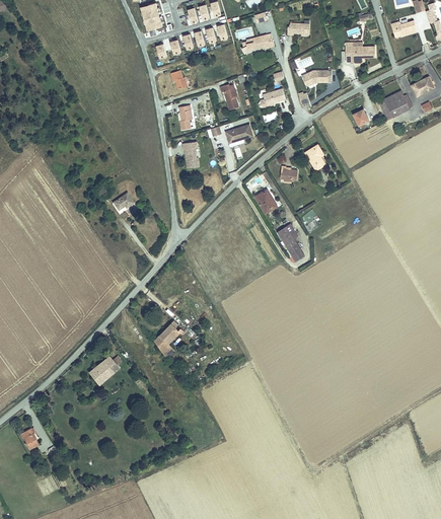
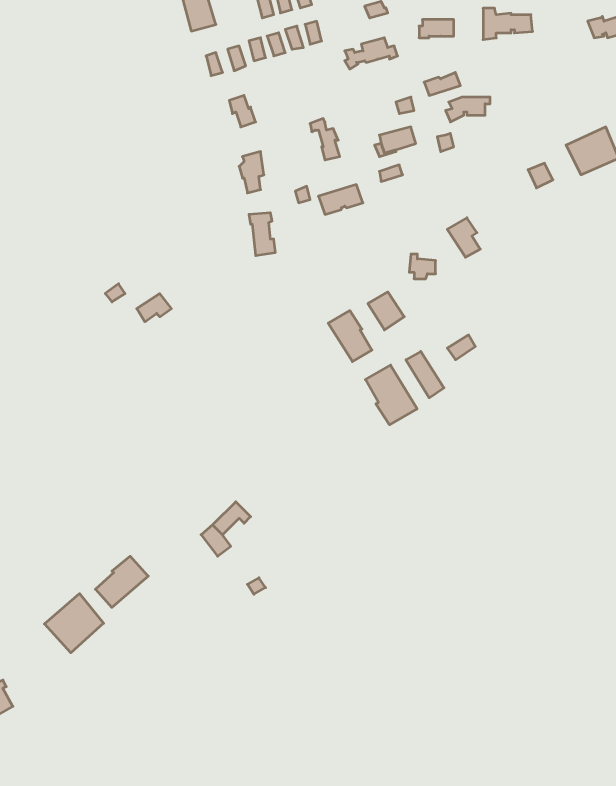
building: [345,43,375,62] -> [483,8,533,40]
building: none -> [328,311,372,362]
building: none -> [365,365,417,425]
building: none -> [44,594,104,653]

